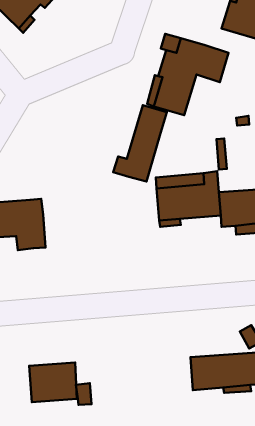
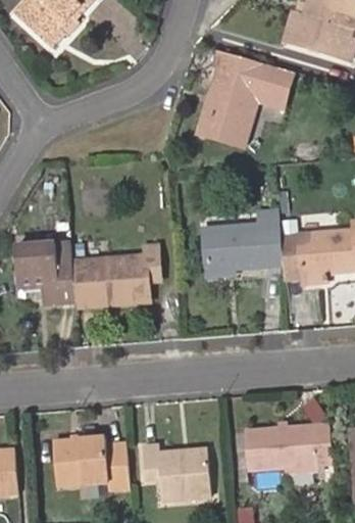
building: [113,105,167,182] -> none
building: none -> [72,245,160,305]
building: none -> [144,449,209,502]

